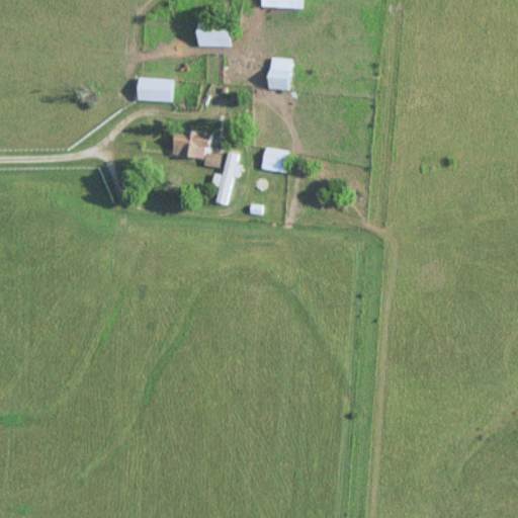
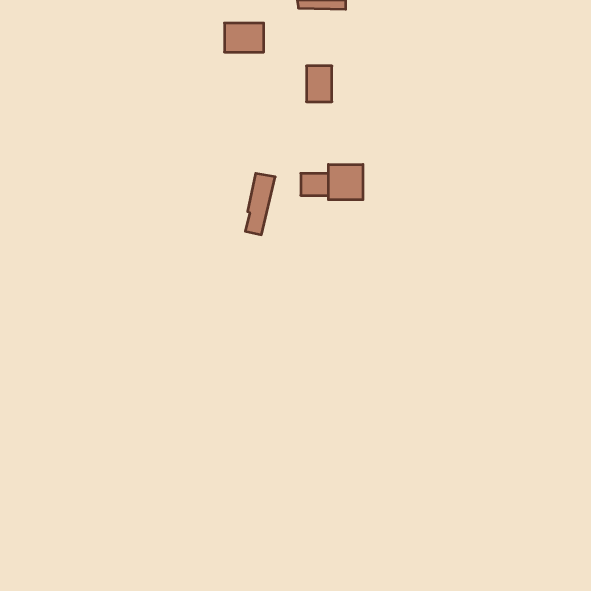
building: [137,78,171,101] -> none
building: [172,132,220,166] -> none
building: none -> [328,164,363,200]

